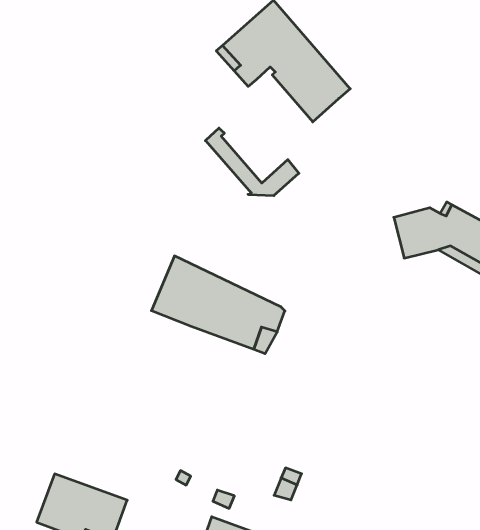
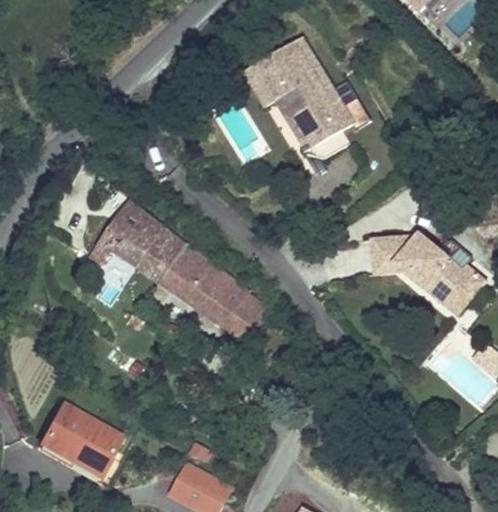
building: [205,128,299,196] -> [274,91,350,155]
building: none -> [86,186,183,285]

